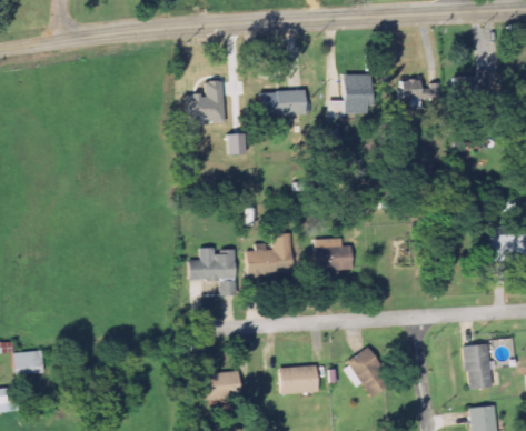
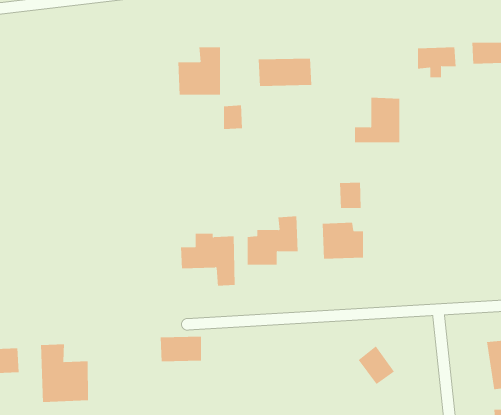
building: [328,73,369,114] -> [354,97,400,143]
building: none -> [340,182,361,209]
building: none -> [40,344,88,403]
building: [279,365,318,393] -> none
building: [201,371,239,394] -> [160,336,202,362]

